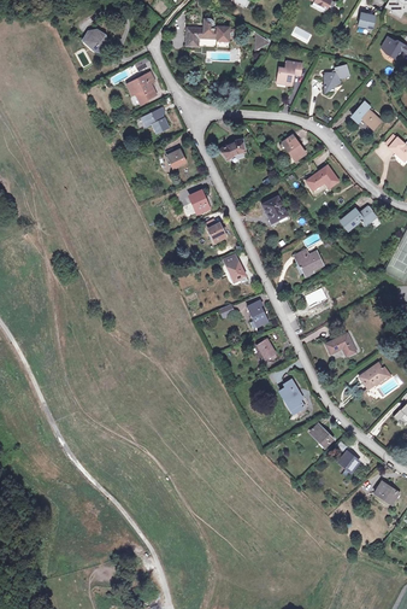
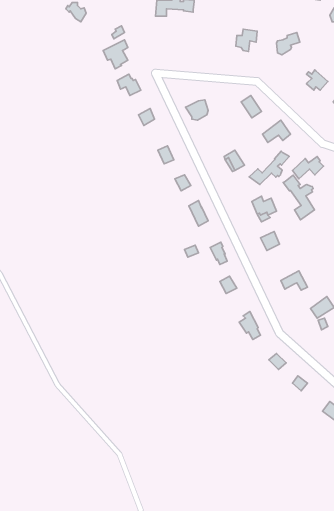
building: none -> [249,151,289,184]
building: none -> [283,175,314,220]

